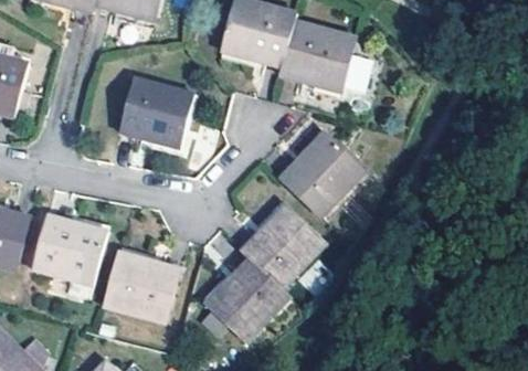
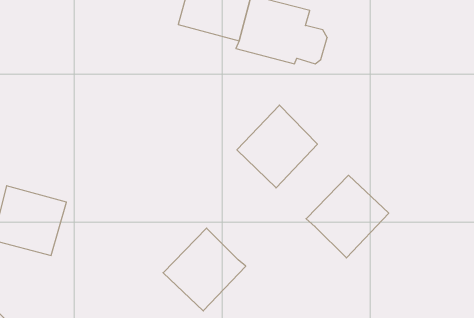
building: [119,77,192,146] -> none
building: [241,204,325,288] -> [306,175,389,258]
building: [105,251,179,321] -> none

